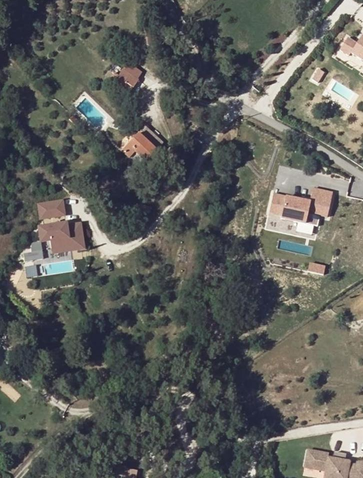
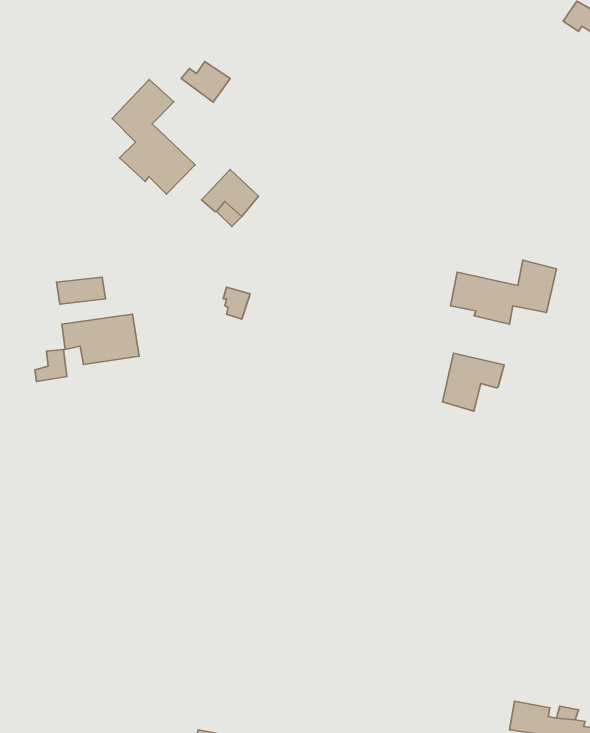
building: none -> [112,80,195,194]
building: none -> [442,353,504,411]

